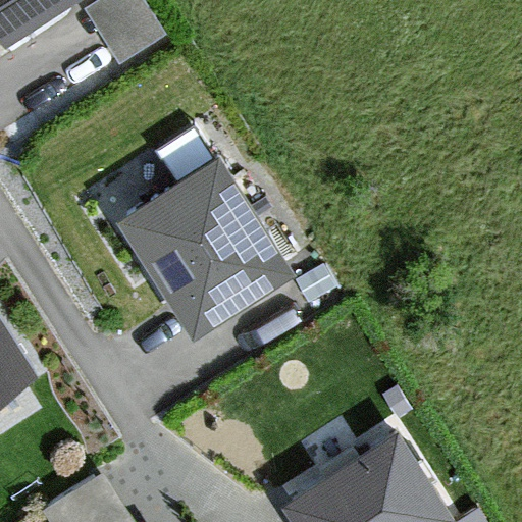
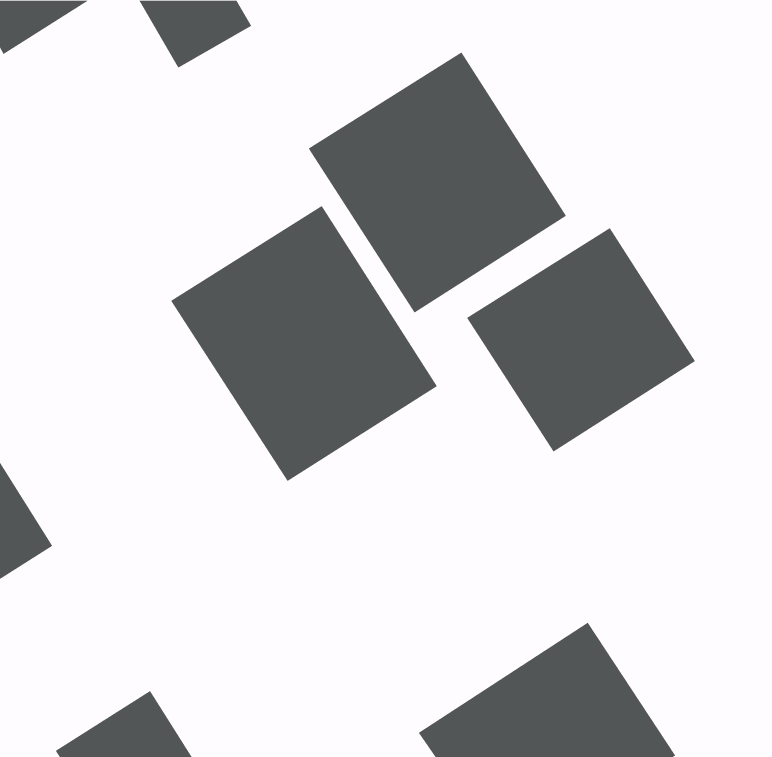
building: none -> [308,51,567,314]
building: none -> [466,227,696,453]

